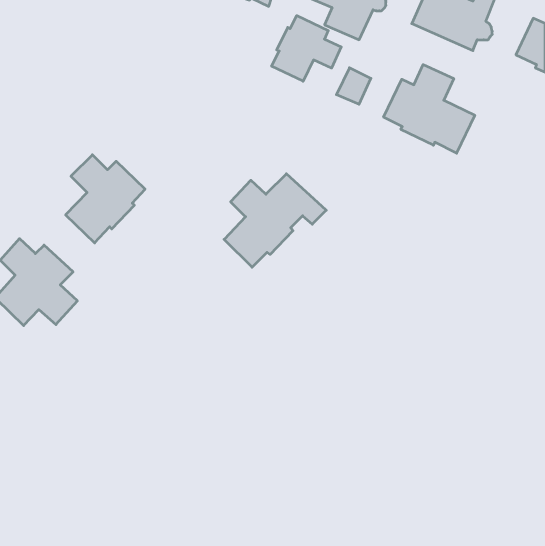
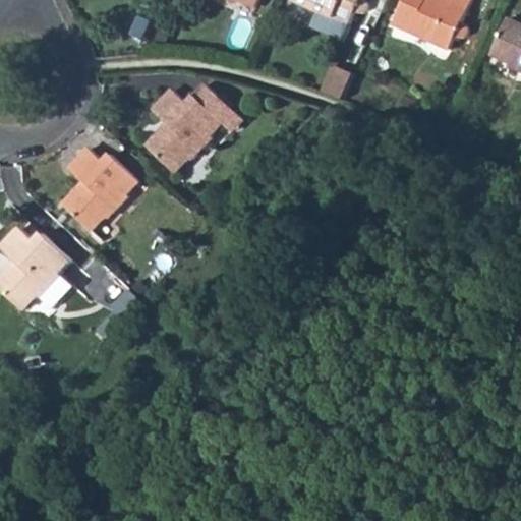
building: [272,16,341,81] -> none
building: [384,65,475,153] -> none
building: [224,174,326,267] -> [146,82,242,171]

